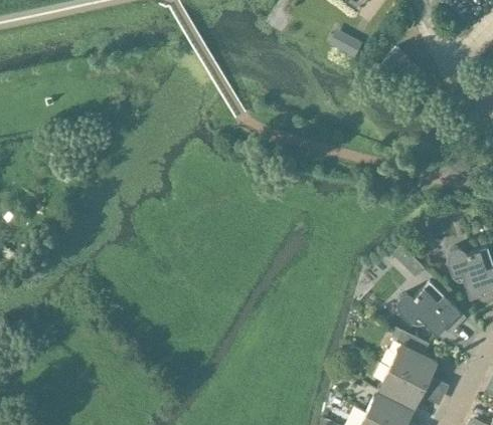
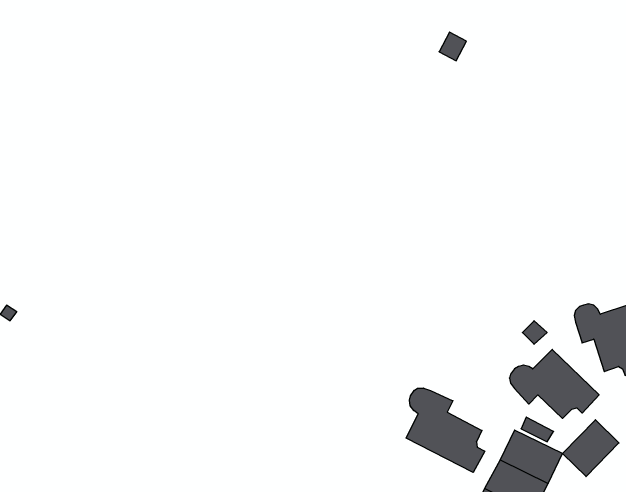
building: none -> [406,388,485,472]
building: none -> [563,420,619,477]

